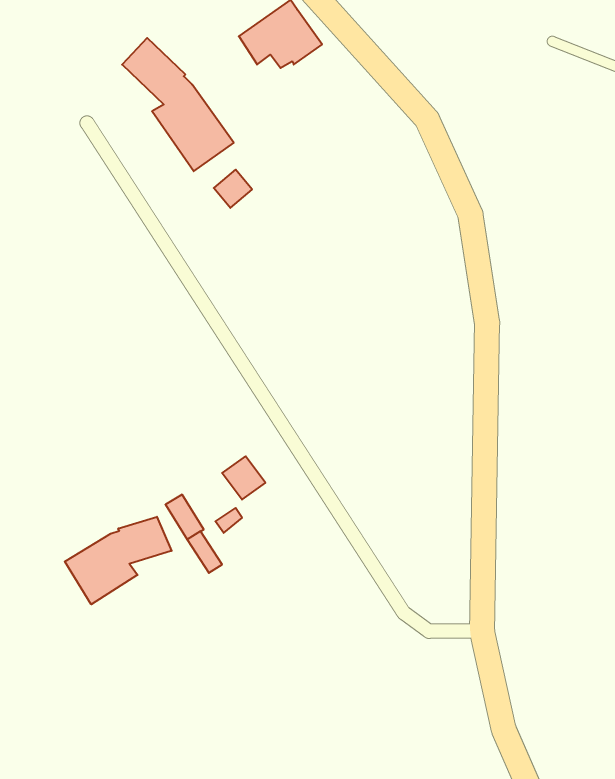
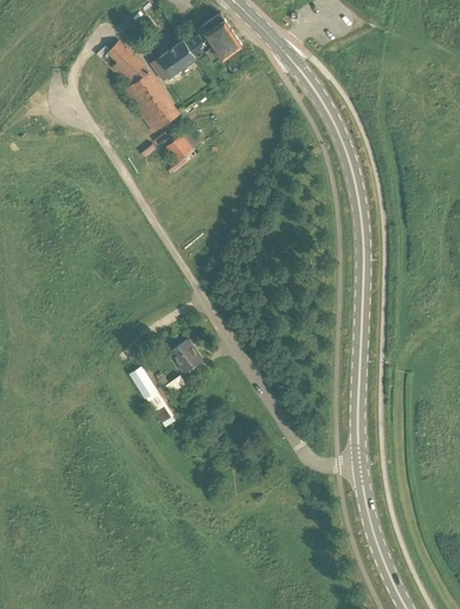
building: none -> [151,37,198,82]
building: [65,517,172,604] -> none

